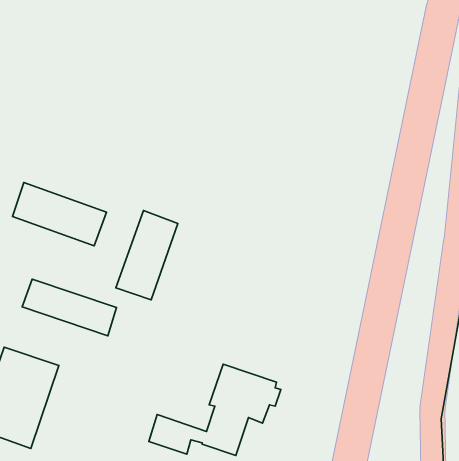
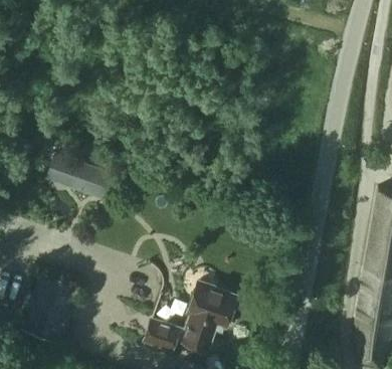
building: [116,210,178,300] -> none
building: [22,279,117,336] -> none

